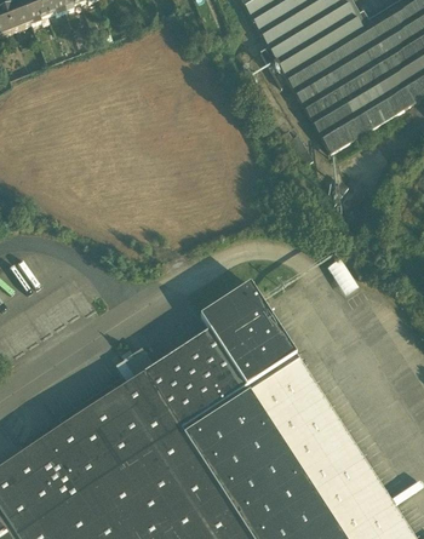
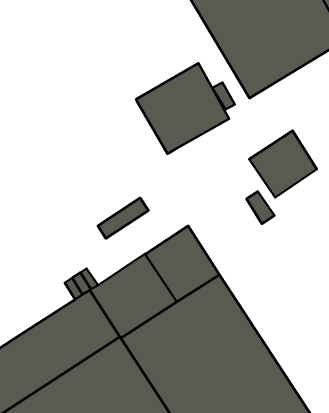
building: none -> [136,63,229,154]
building: none -> [249,130,317,198]
building: [200,285,259,332] -> [98,198,149,238]

